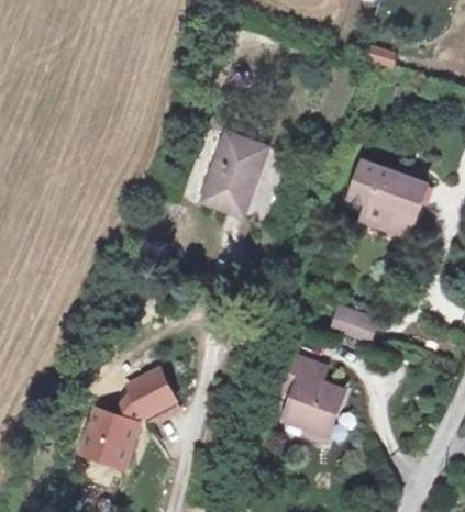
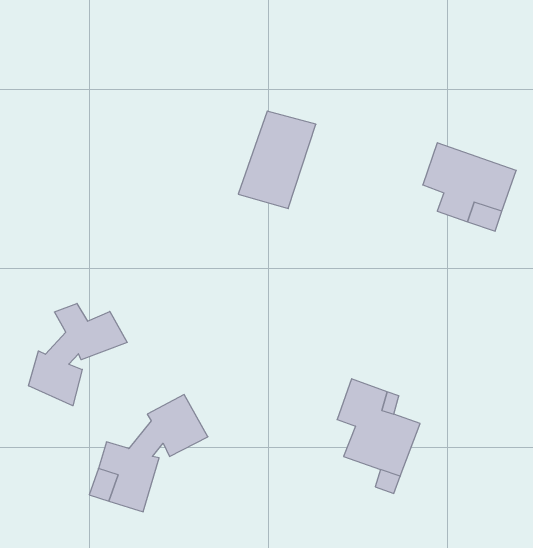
building: none -> [29,303,127,406]
building: [329,303,373,337] -> none

